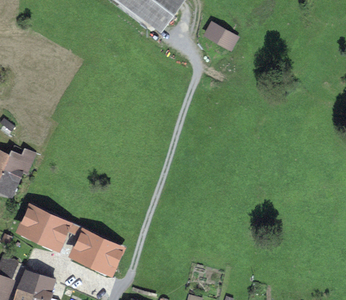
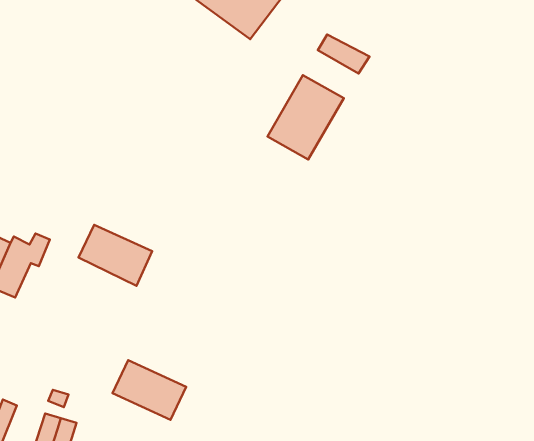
building: none -> [268,75,344,159]
building: [20,207,67,246] -> [78,225,152,286]

